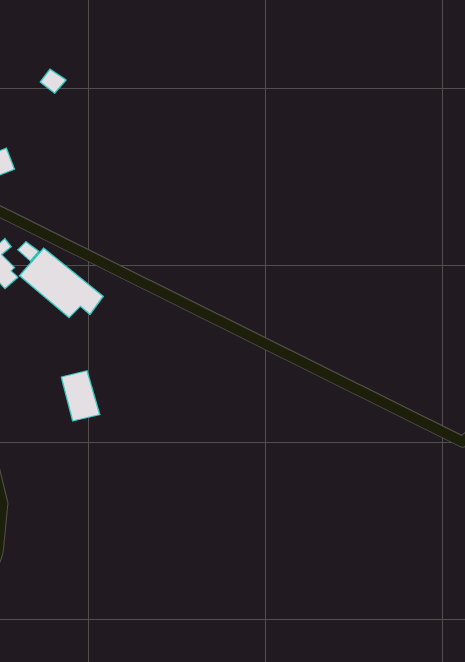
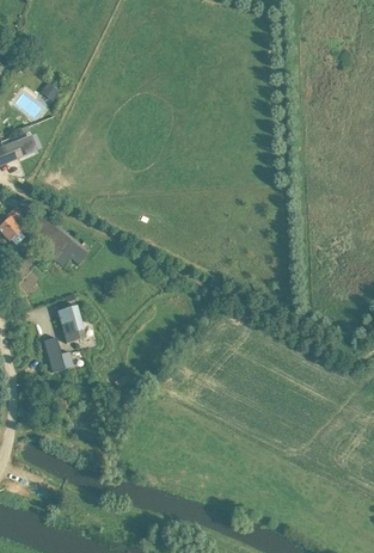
building: none -> [43,336,74,371]

